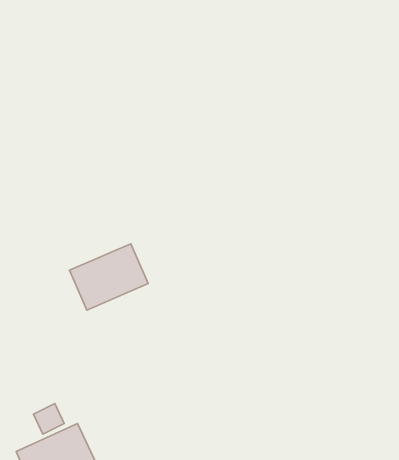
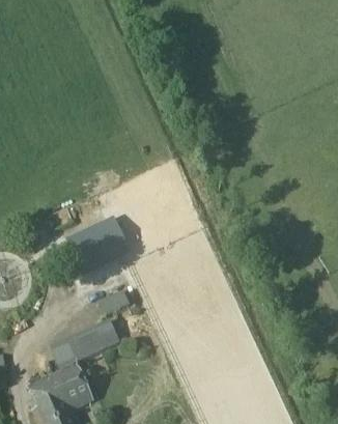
building: none -> [72,328,109,358]

